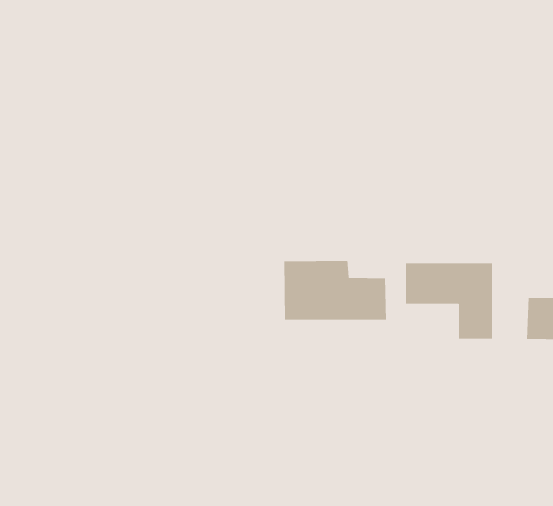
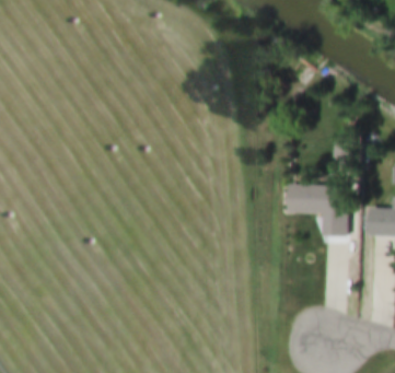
building: [284,260,386,321] -> none

